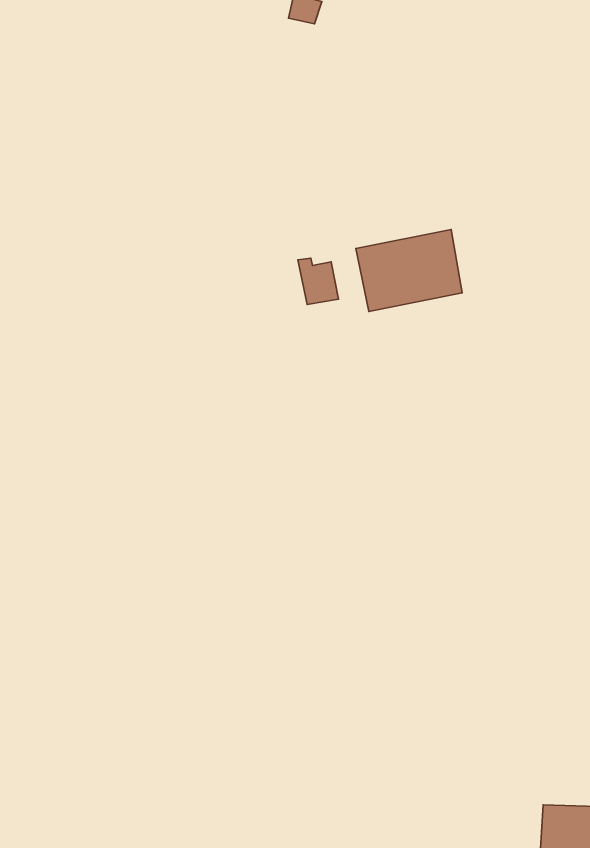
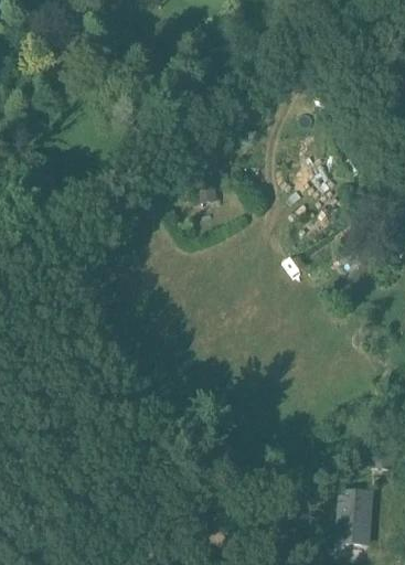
building: [356,230,462,311] -> none

